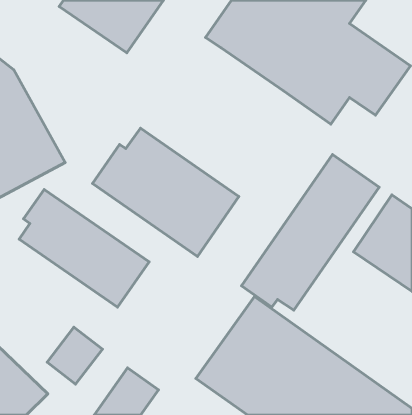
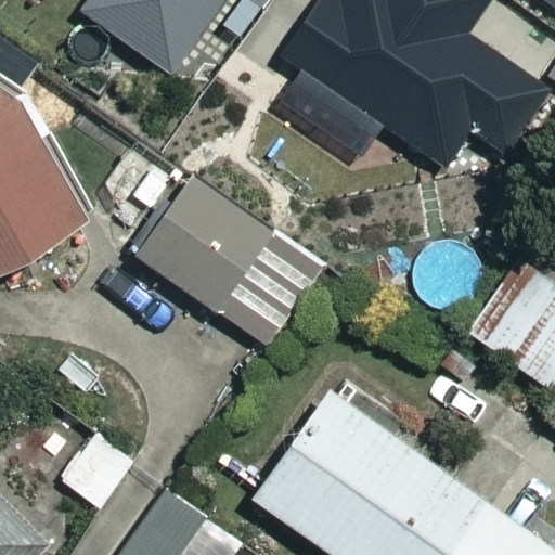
building: [242,154,379,310] -> none
building: [19,189,149,307] -> none

